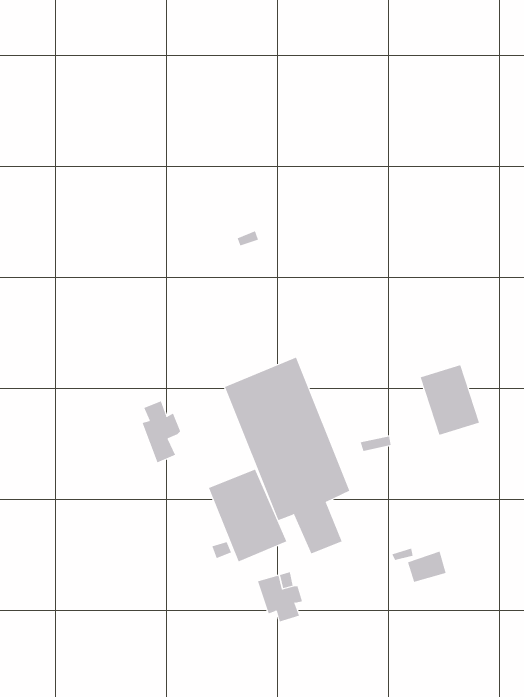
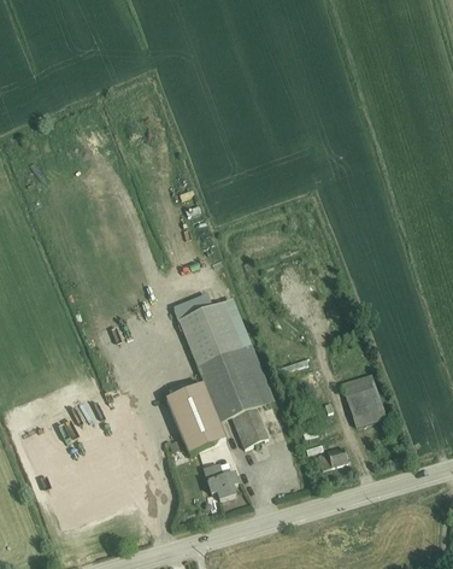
building: [420,364,480,435] -> [340,373,386,427]
building: [142,400,181,463] -> none

